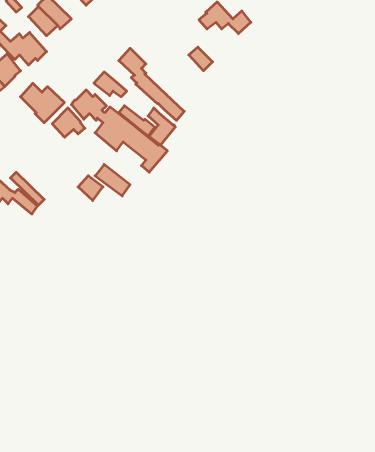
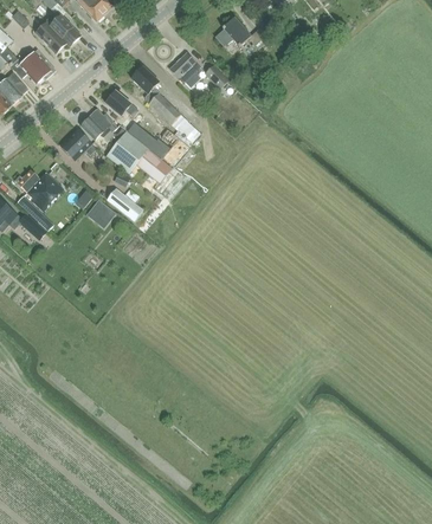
building: none -> [169,52,201,86]
building: [20,83,64,123] -> [17,168,63,209]

